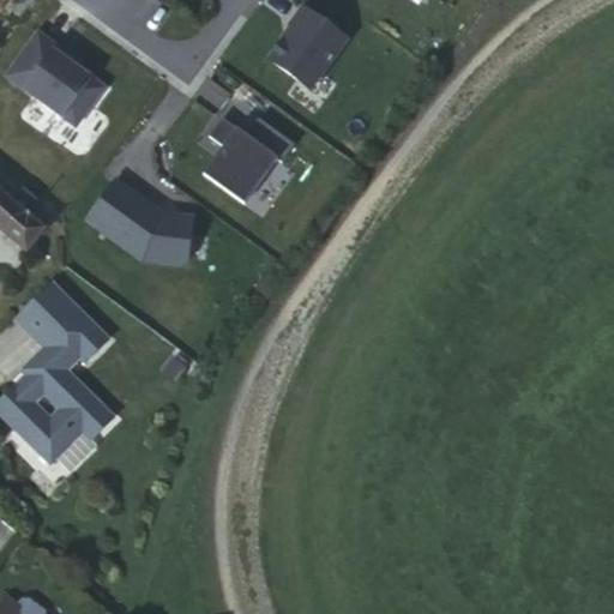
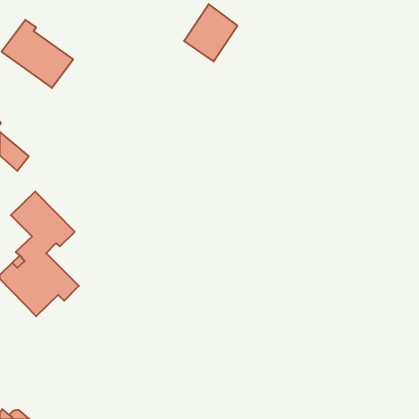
building: [203,116,293,206] -> none
building: [84,177,195,269] -> none

